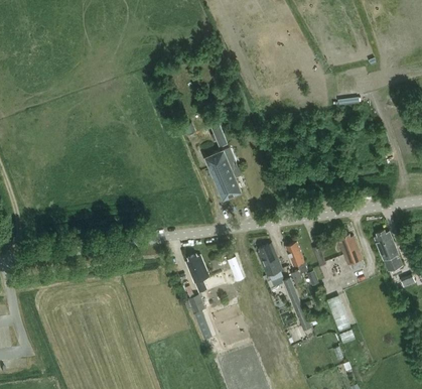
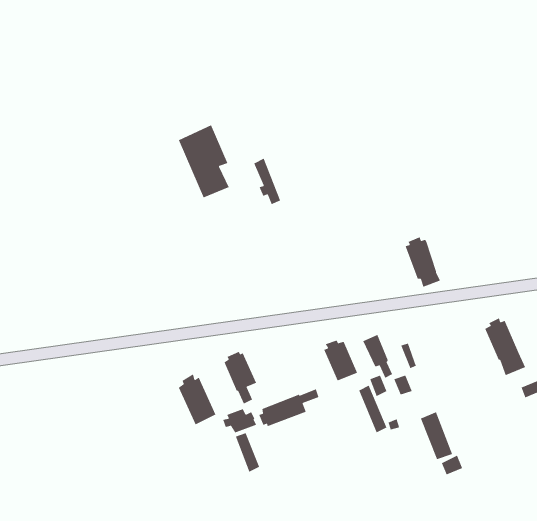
building: [205,147,243,201] -> [178,124,230,199]
building: [338,234,365,271] -> [405,236,441,288]
building: none -> [178,373,217,425]
building: none -> [258,389,319,427]

